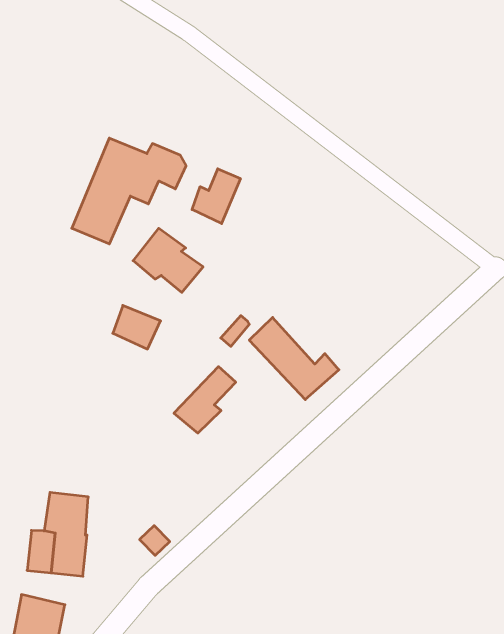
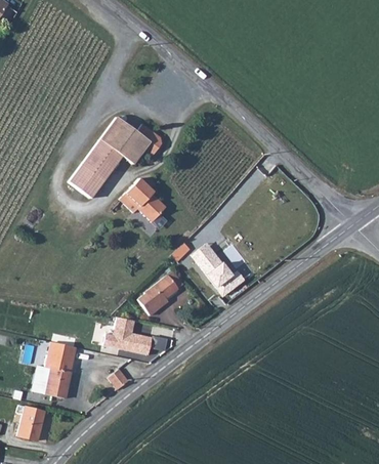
building: [192,169,240,224] -> none
building: [113,305,161,349] -> [73,172,104,202]
building: none -> [103,315,153,354]

